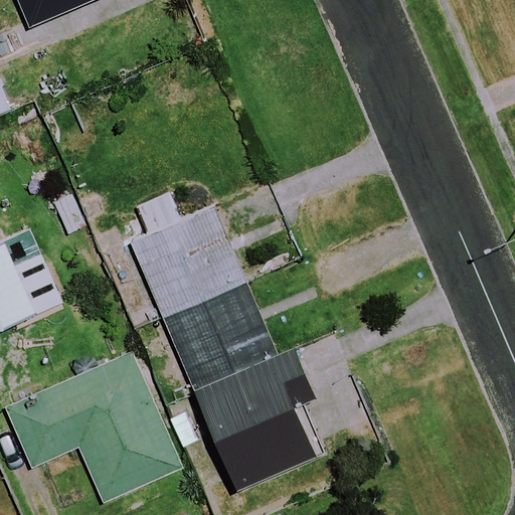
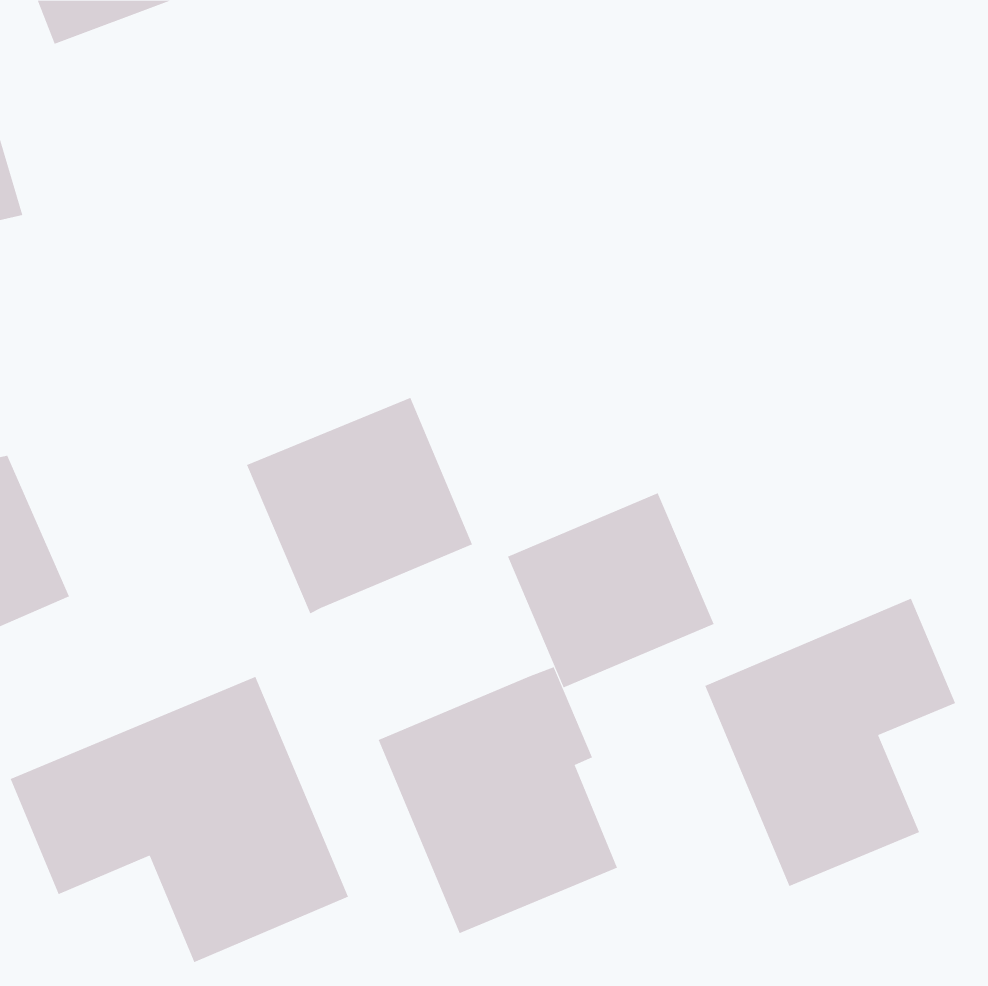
building: [167,285,275,386] -> [507,492,714,688]
building: none -> [704,598,956,887]

